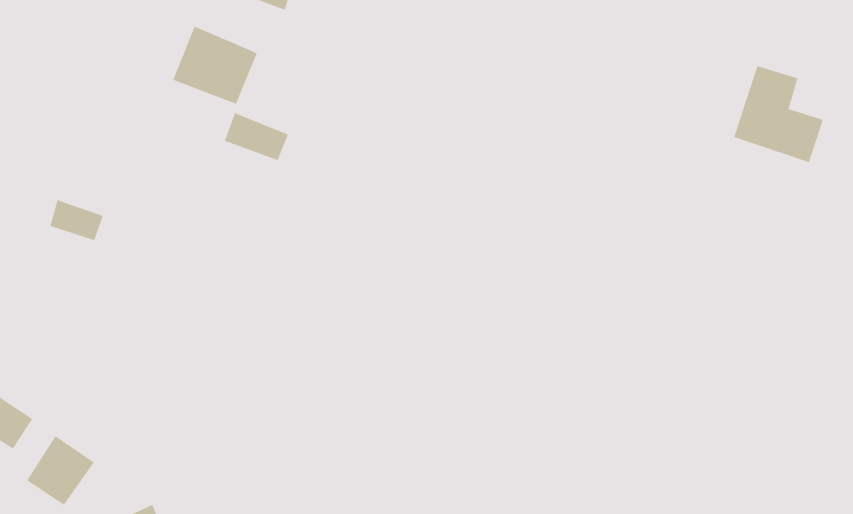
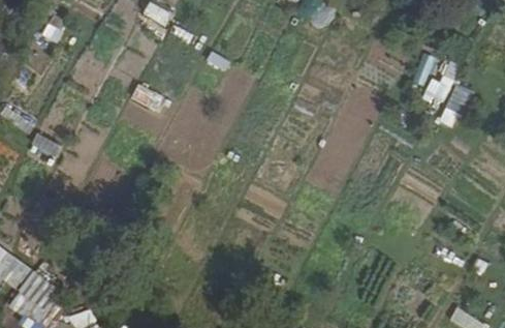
building: [172,25,258,105] -> none

